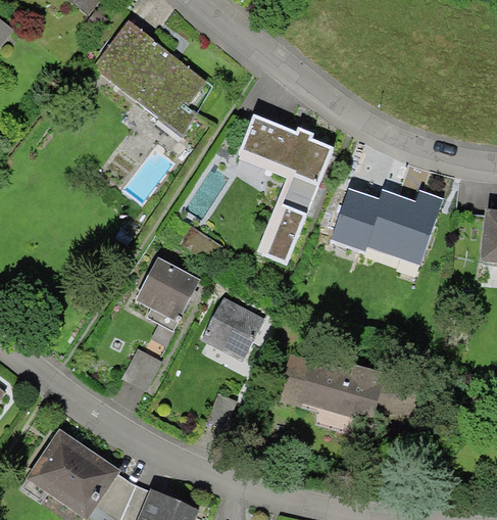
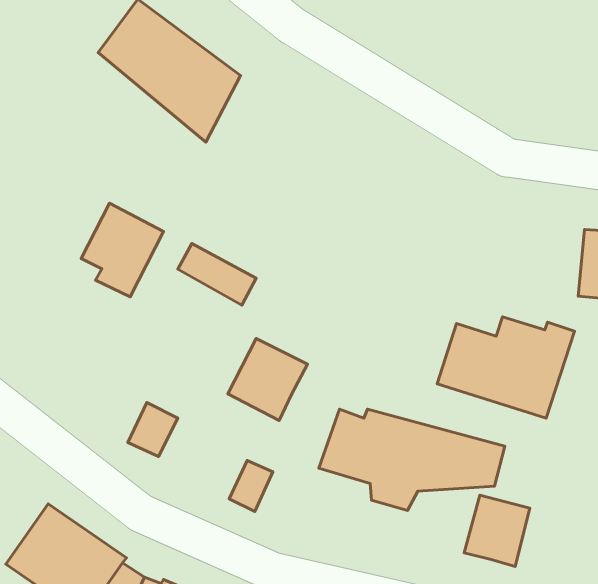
building: [244,120,336,268] -> none
building: [333,186,442,267] -> [437,317,574,418]
building: [133,255,198,330] -> [81,203,163,297]
building: none -> [464,495,530,567]

